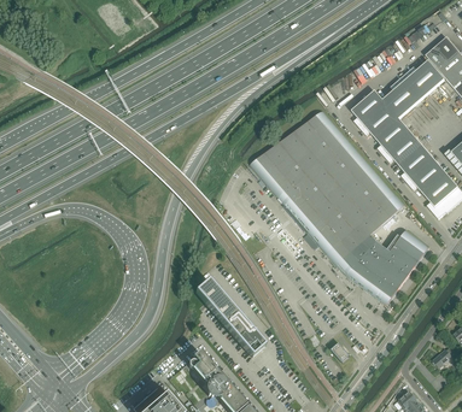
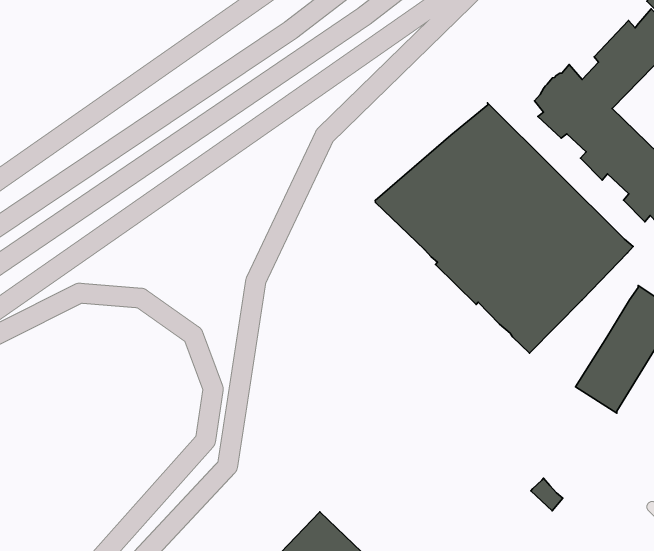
building: [337,234,400,287] -> none
building: [195,279,265,357] -> none

